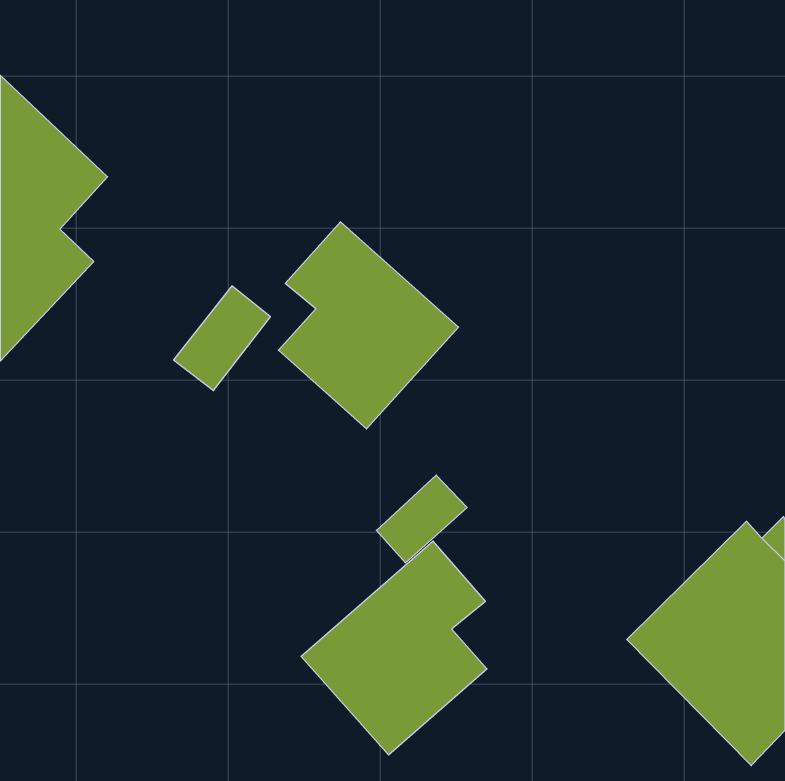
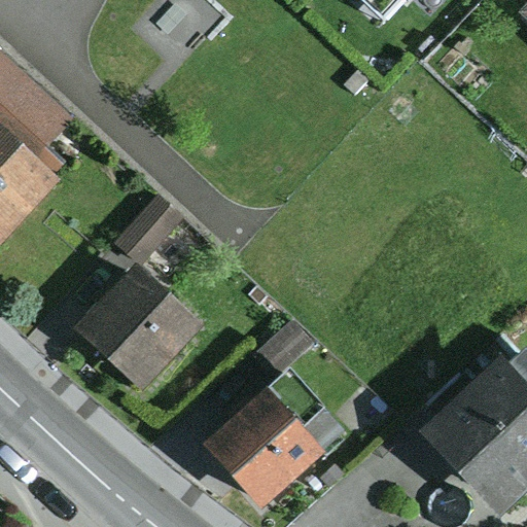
building: [278,222,459,429] -> none
building: none -> [78,264,200,385]

